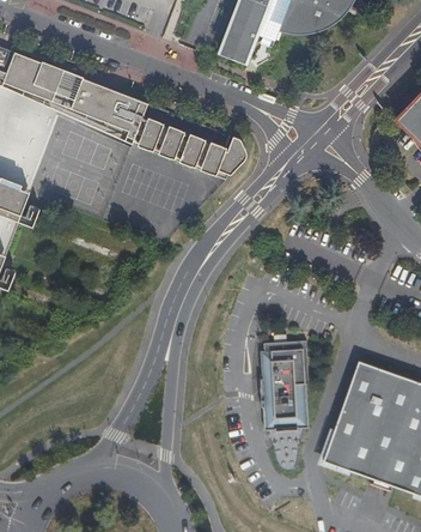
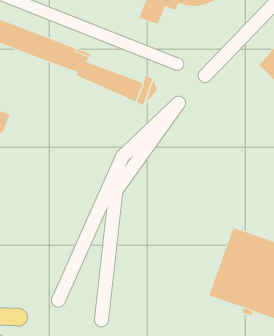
building: [258,340,307,430] -> none

